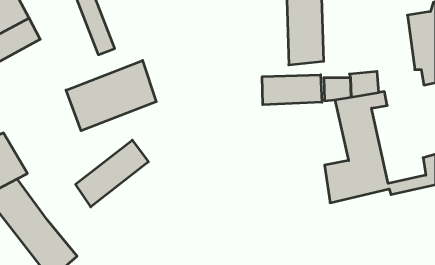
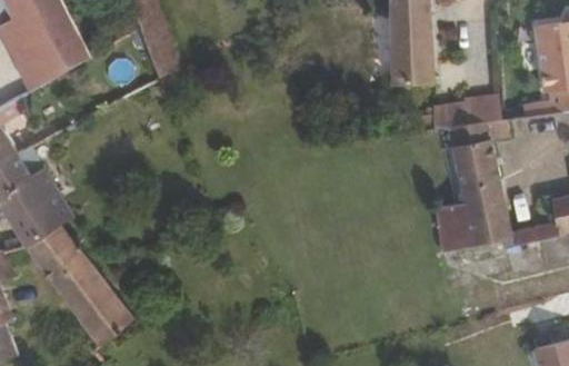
building: [66,60,156,131] -> none
building: [262,75,322,105] -> none
building: [76,140,148,207] -> none

